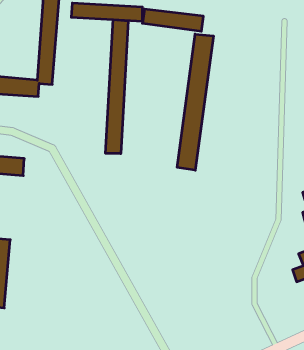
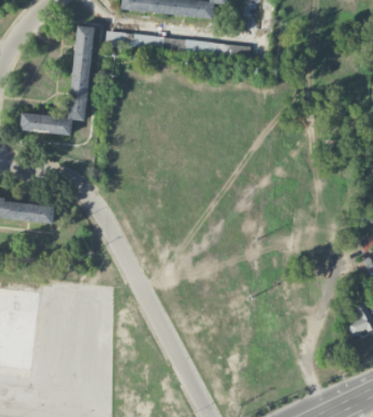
building: [106,20,128,154] -> none
building: [177,34,213,170] -> none

